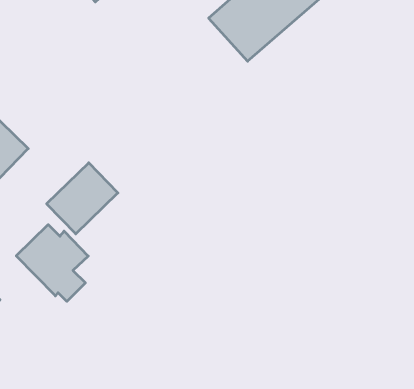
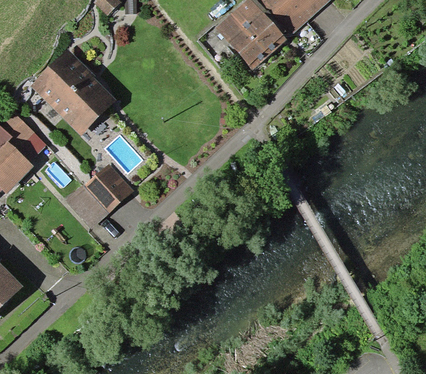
building: none -> [32,49,119,135]
building: [16,225,88,301] -> none

